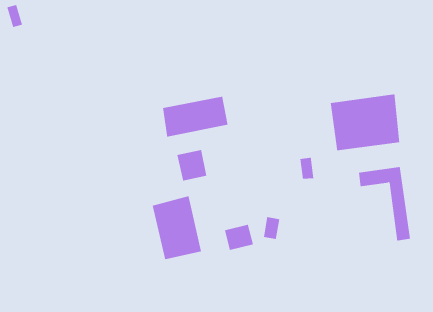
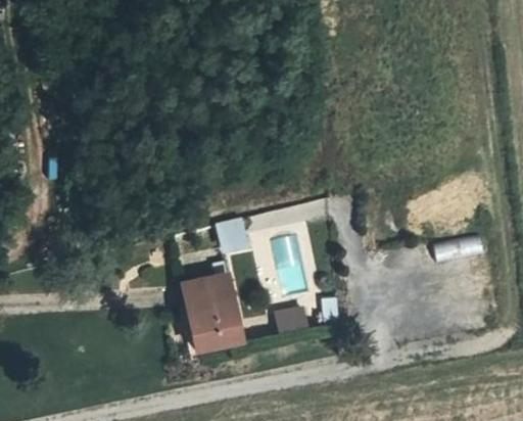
building: [330,93,400,151] -> none
building: [163,96,228,138] -> none

